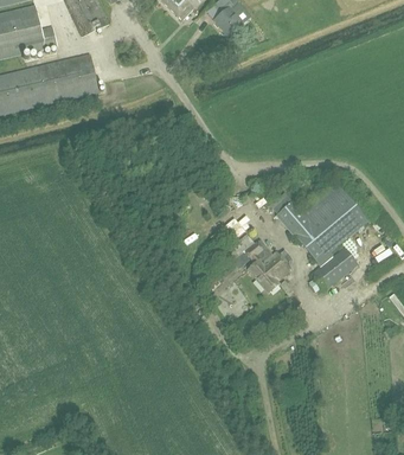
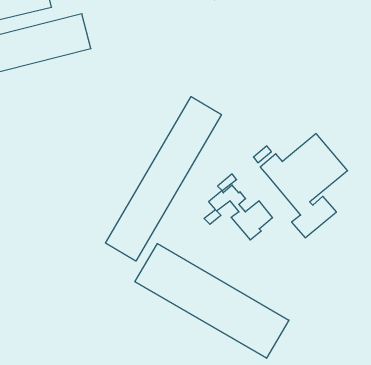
building: none -> [105,97,221,261]
building: none -> [135,244,289,358]

